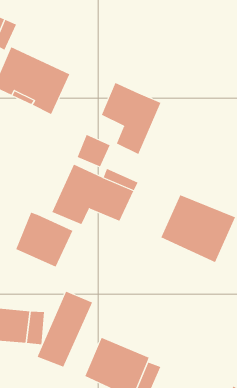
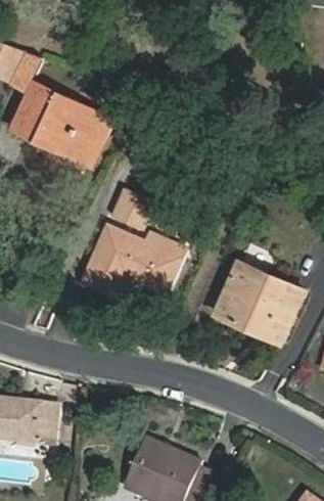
building: [101,82,161,155] -> none
building: [15,212,73,268] -> none
building: [37,291,93,367] -> none

